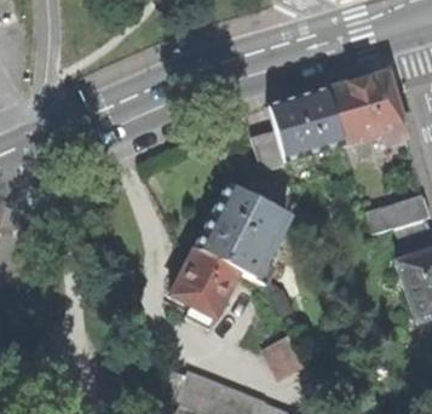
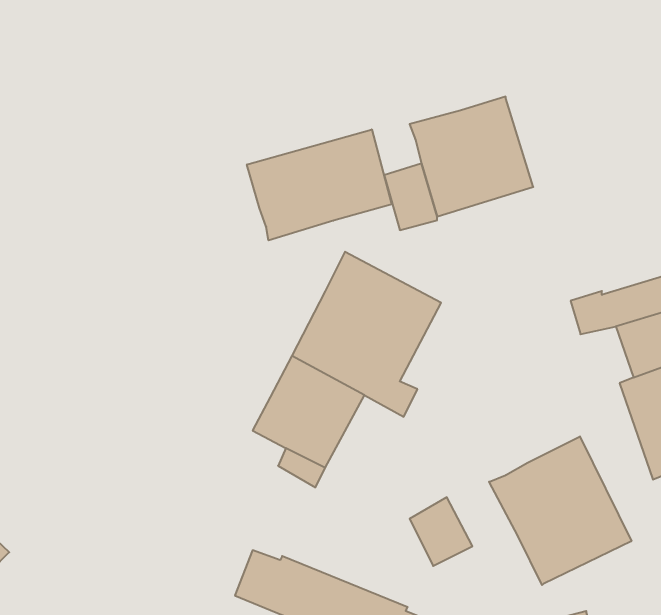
building: [327,71,408,144] -> none
building: none -> [247,129,392,240]
building: none -> [489,436,631,585]

